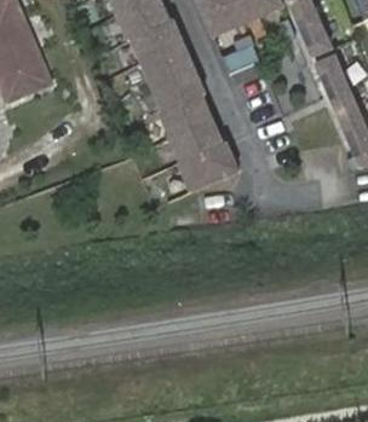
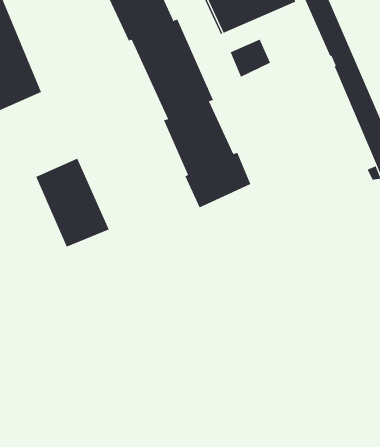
building: none -> [35,158,109,248]

